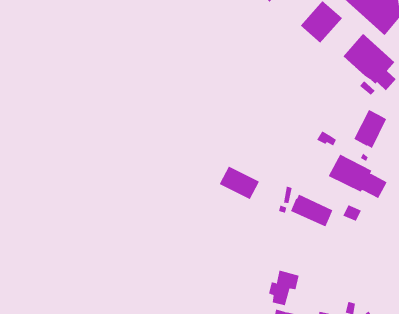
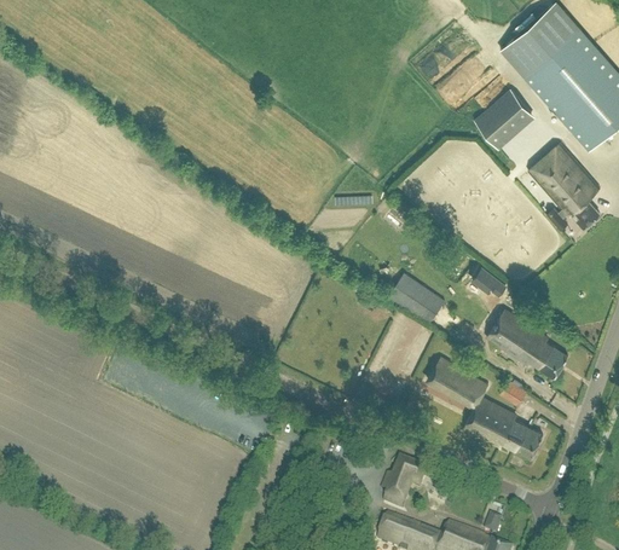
building: [353,109,387,149] -> none
building: [219,166,260,200] -> [387,272,445,324]
building: none -> [461,395,542,457]

